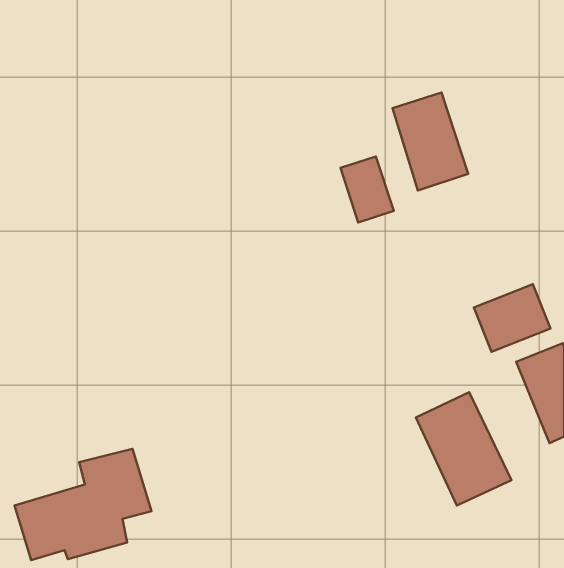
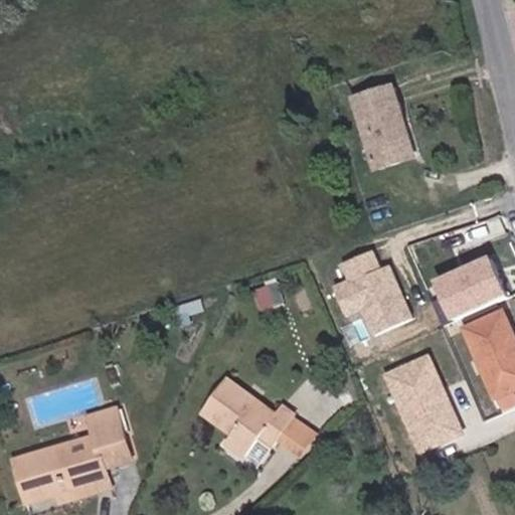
building: [340,156,394,222] -> none
building: none -> [329,251,408,337]
building: none -> [200,375,321,462]

